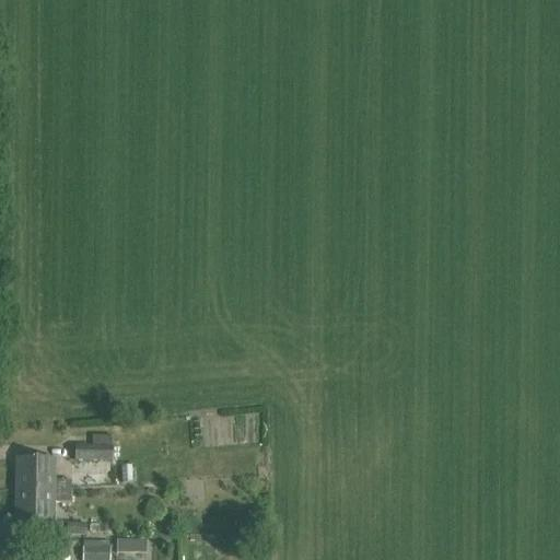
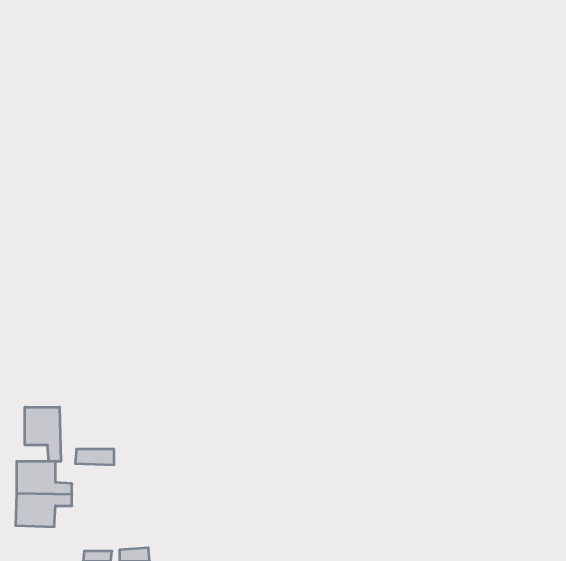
building: none -> [25,407,61,461]

